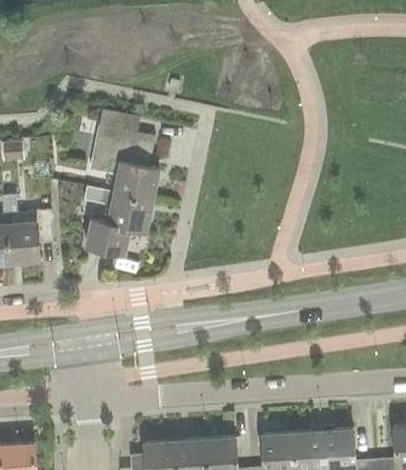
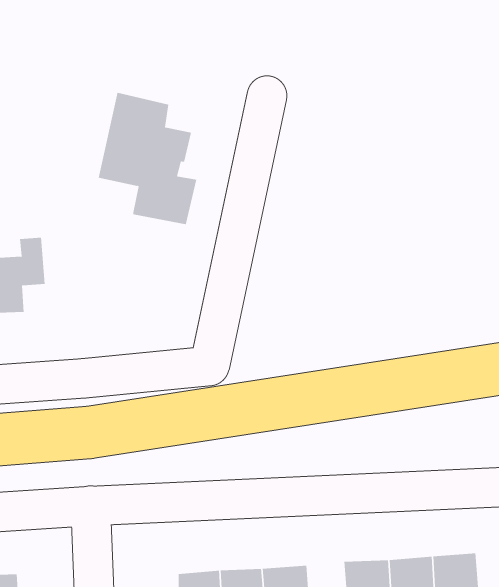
building: [84,187,151,256] -> none

